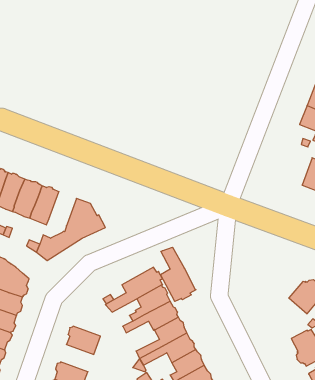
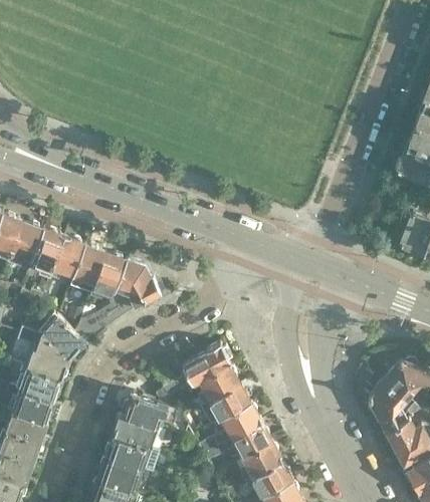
building: none -> [90,253,127,301]
building: none -> [41,314,84,358]
building: [160,247,196,301] -> none
building: none -> [369,382,406,431]
building: none -> [123,391,172,428]
building: none -> [105,438,161,475]

